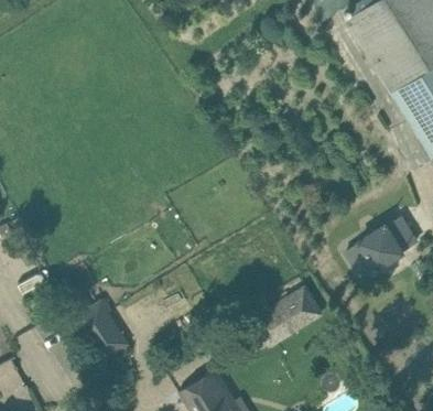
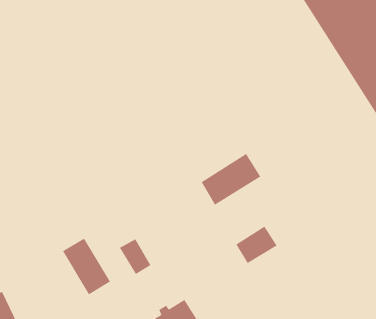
building: [347,216,415,275] -> [201,153,261,206]
building: none -> [119,238,151,275]

